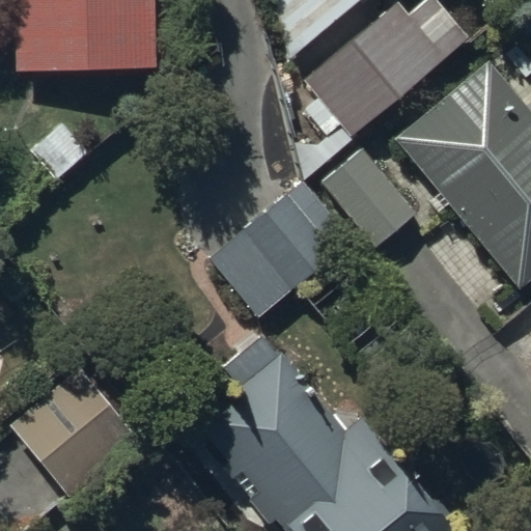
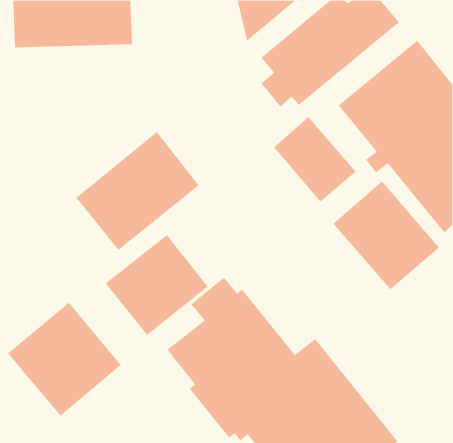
building: [208,180,354,320] -> [75,131,200,251]
building: none -> [333,181,440,290]
building: none -> [105,234,208,336]

